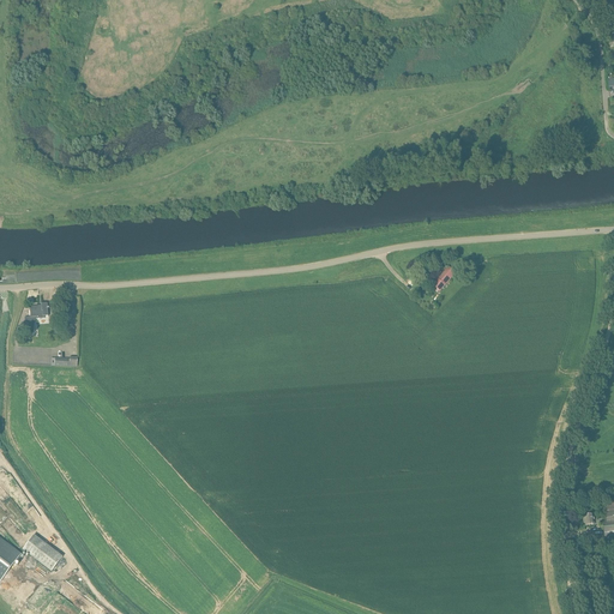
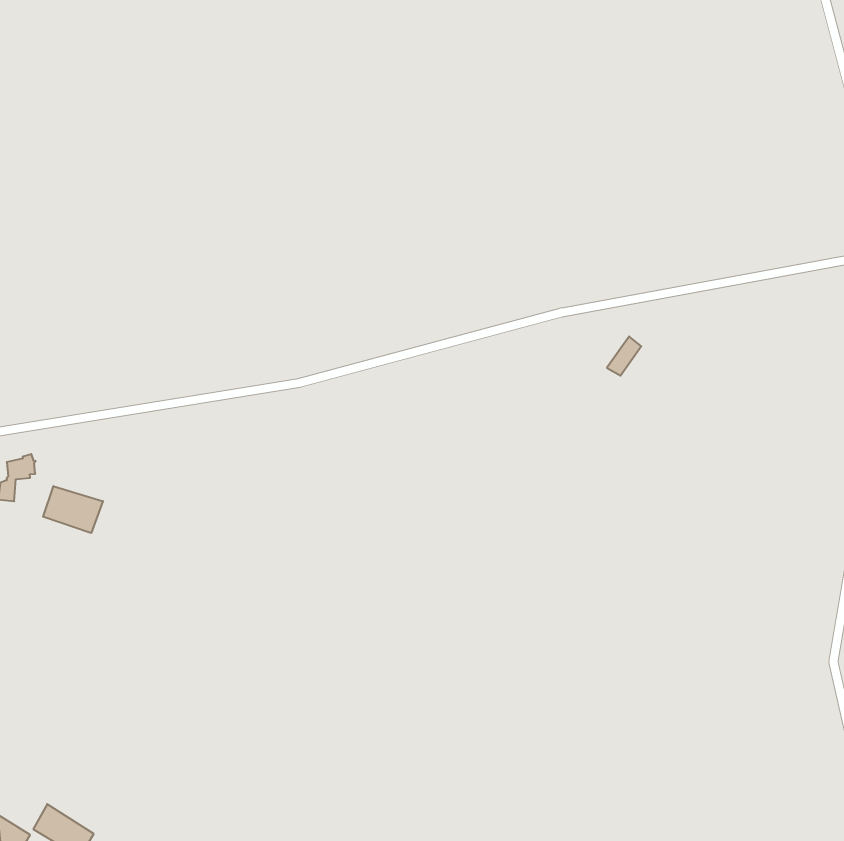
building: none -> [43,486,103,533]

